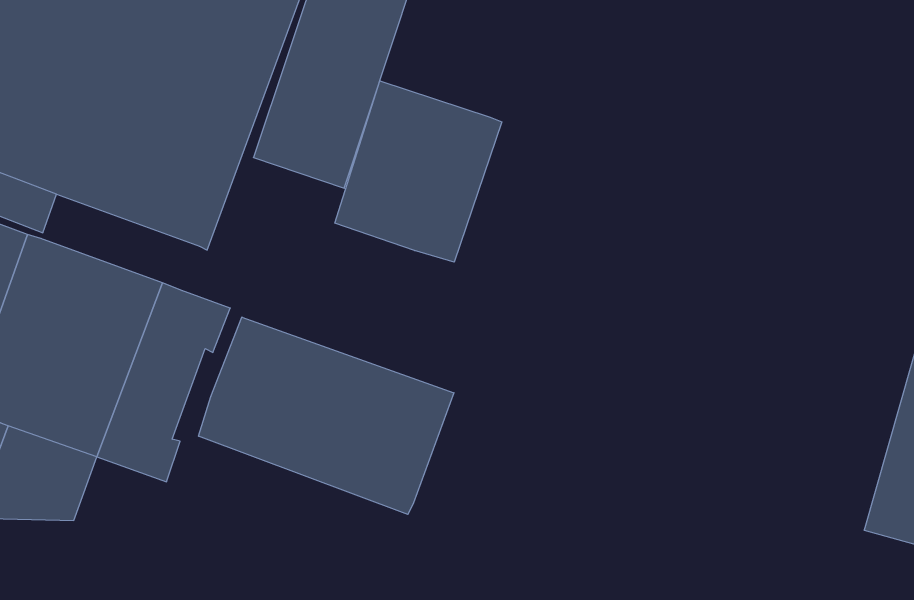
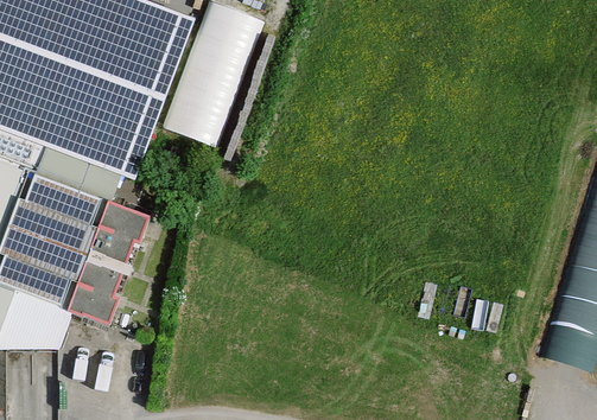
building: [335,81,502,262] -> none
building: none -> [37,149,134,209]
building: [199,317,454,514] -> none

